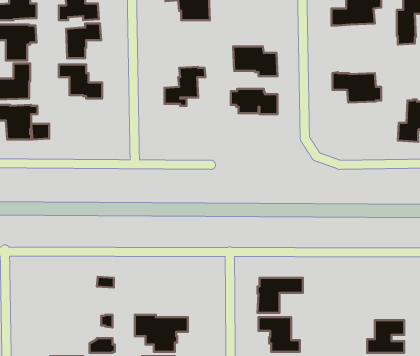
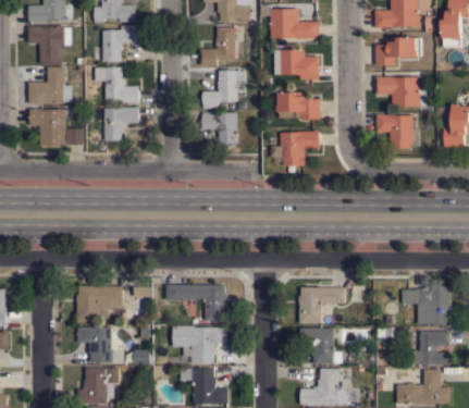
building: none -> [267,8,318,39]
building: none -> [200,26,235,65]
building: none -> [374,37,421,65]
building: none -> [103,107,138,140]
building: none -> [201,112,237,144]
building: none -> [375,114,412,149]
building: none -> [271,131,319,165]
building: none -> [165,284,226,321]
building: none -> [76,285,122,322]
building: none -> [402,286,451,325]
building: none -> [77,326,123,362]

